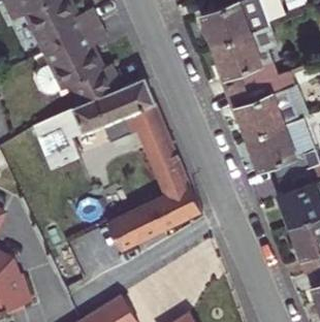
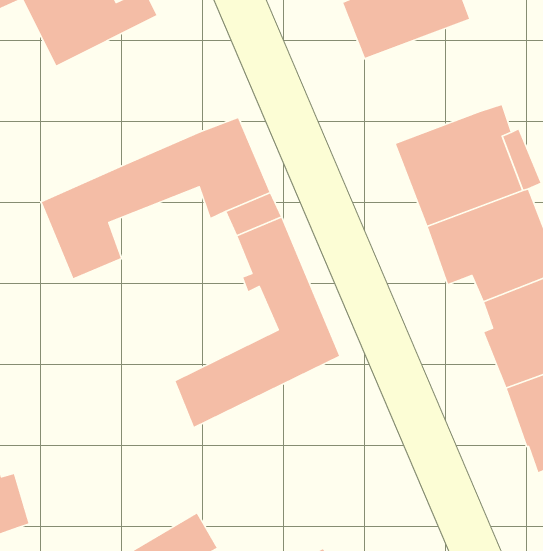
building: [36,24,122,105] -> none
building: [213,26,278,94] -> none

